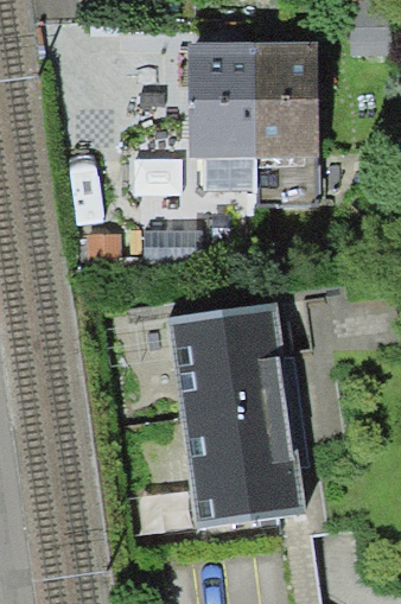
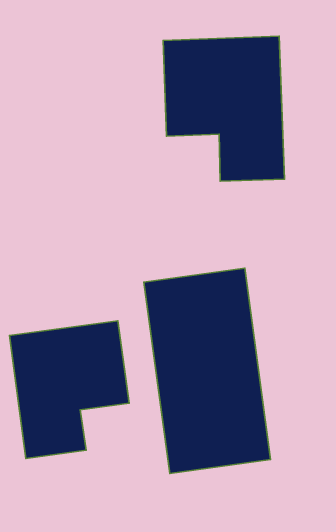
building: none -> [9,321,129,459]

